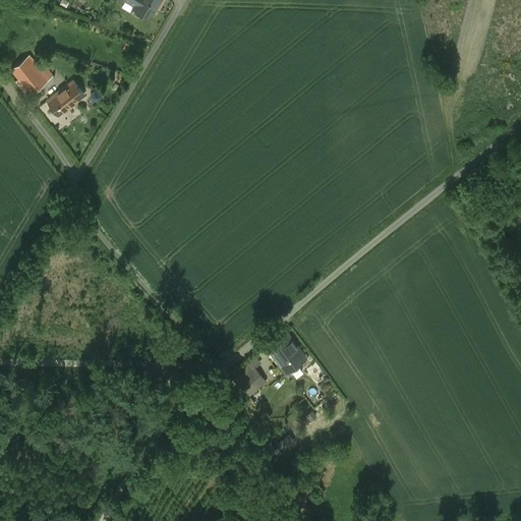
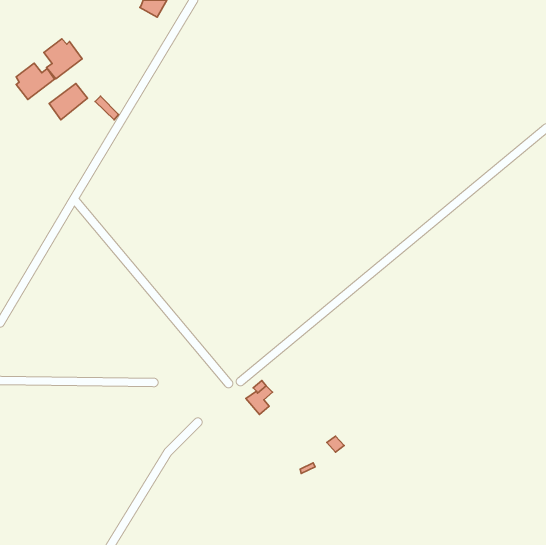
building: none -> [44,39,82,79]
building: [266,332,304,372] -> none

